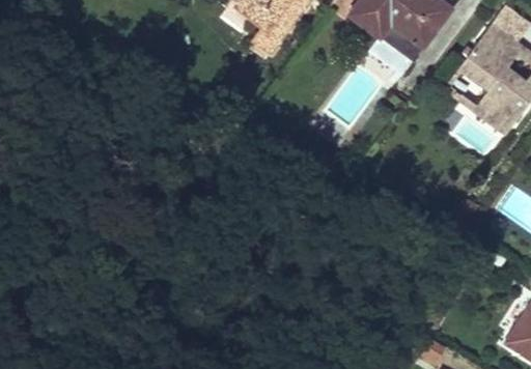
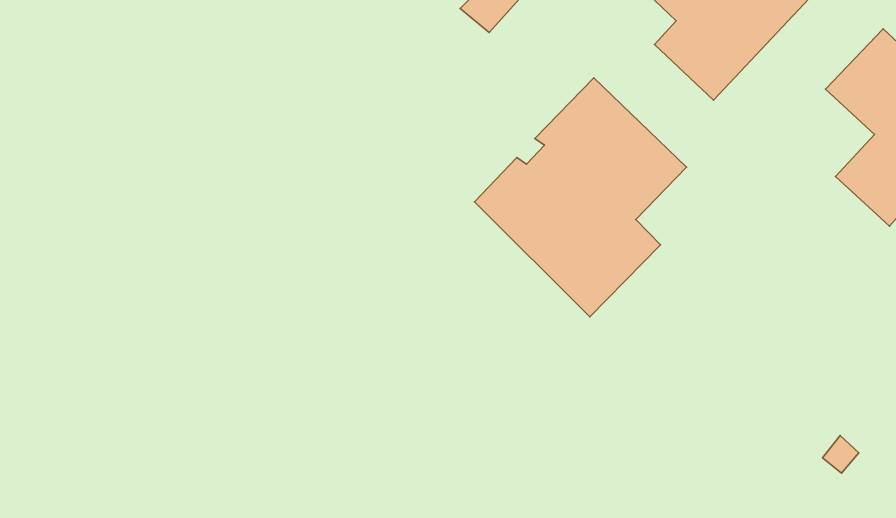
building: none -> [474,78,687,317]

